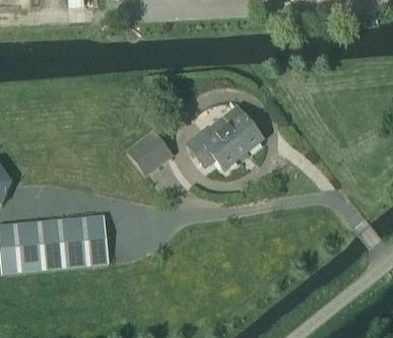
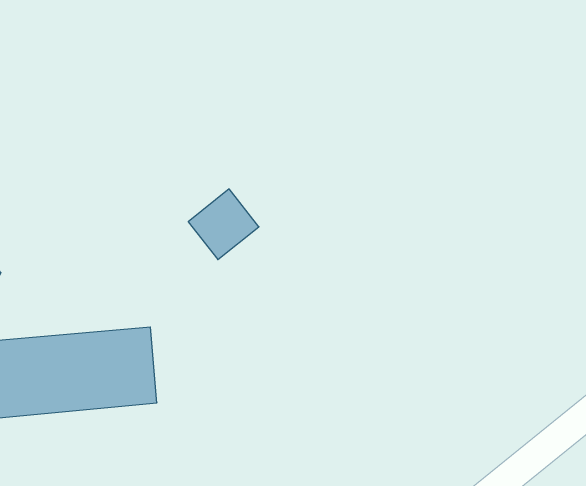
building: [186,107,261,168] -> none

